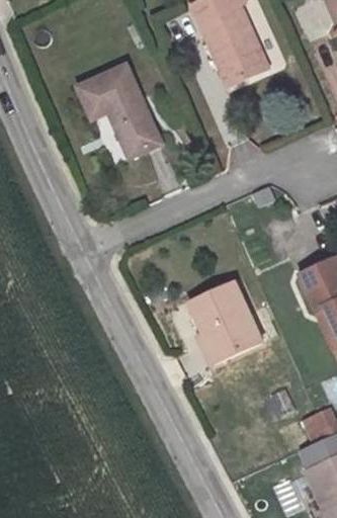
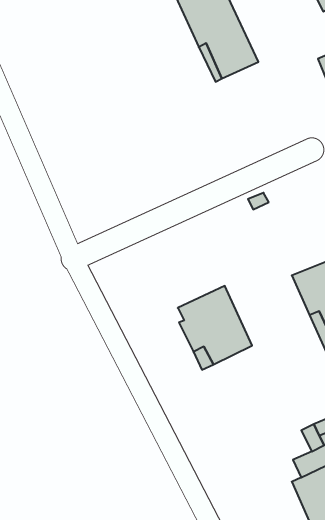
building: [76,64,160,156] -> none

